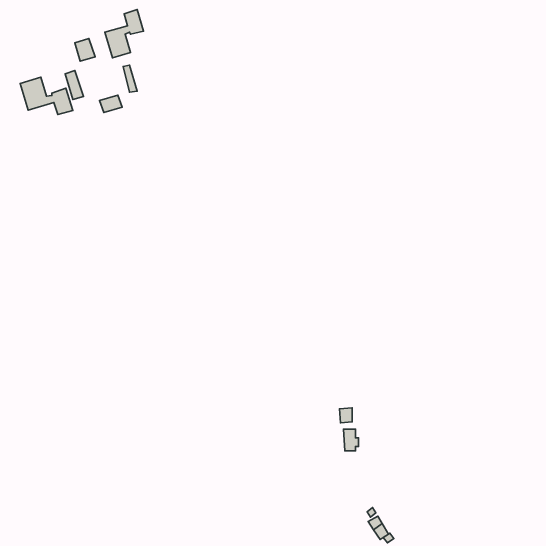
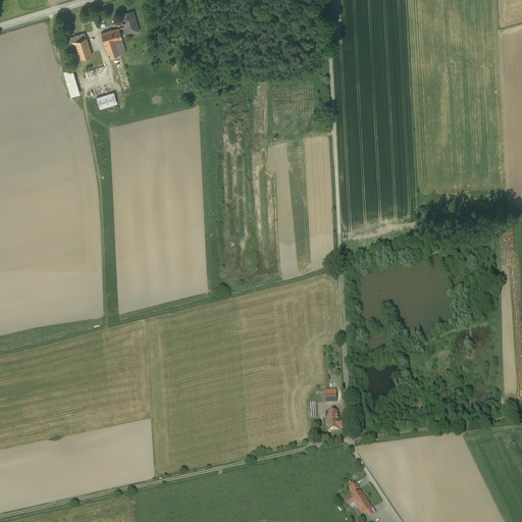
building: [20,77,73,114] -> none

